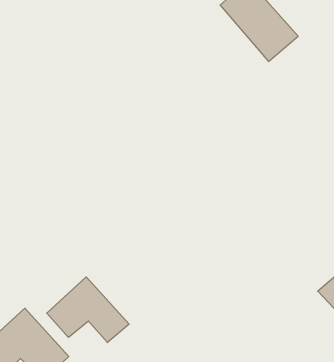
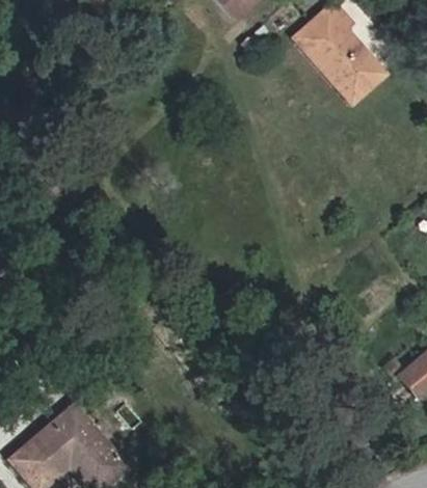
building: [47,277,129,343] -> none

